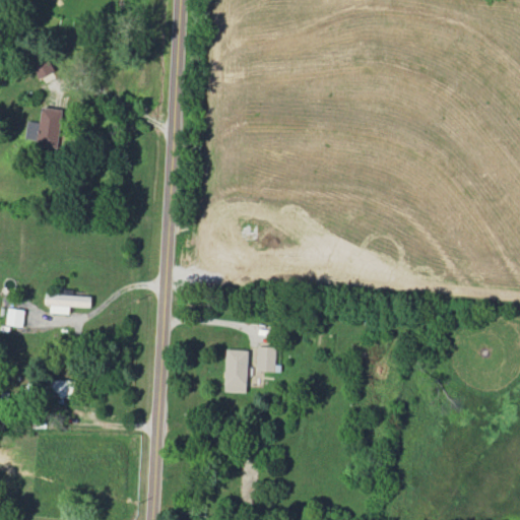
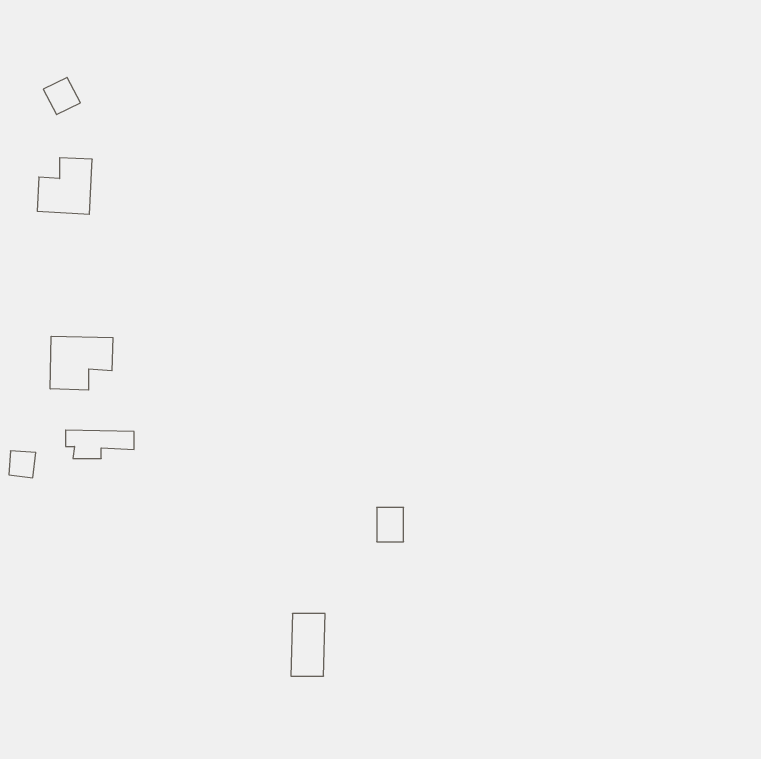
building: none -> [50,336,113,390]
building: [224,350,248,393] -> [291,614,325,676]
building: [50,380,74,398] -> none

